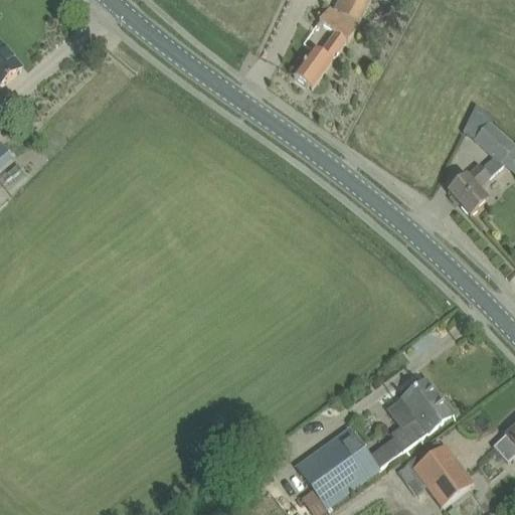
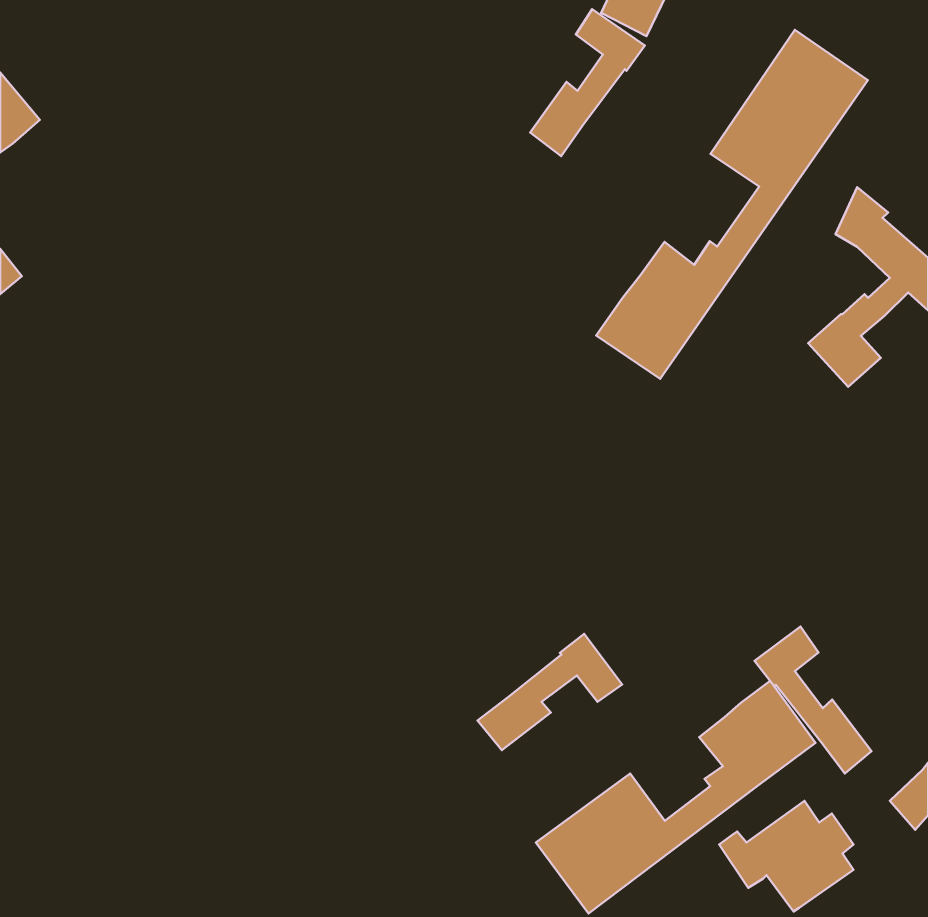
building: none -> [596,30,868,379]
building: none -> [755,627,872,773]
building: none -> [477,634,622,750]

